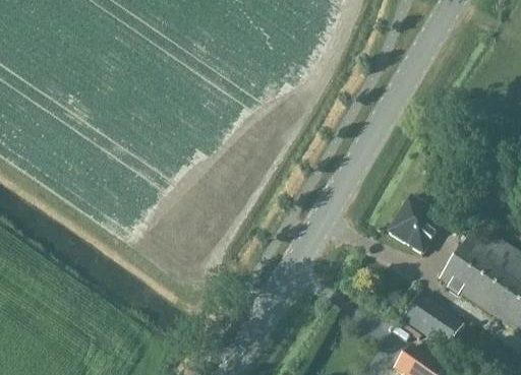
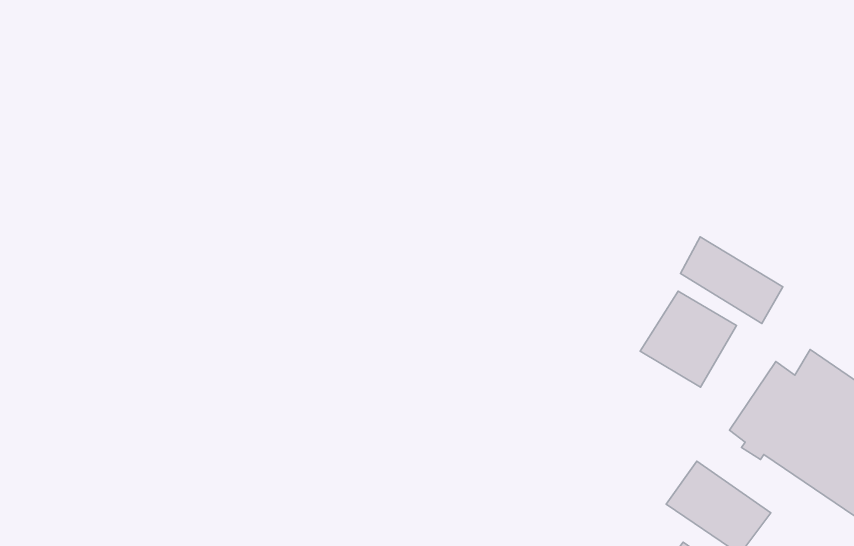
building: none -> [681,237,783,324]

